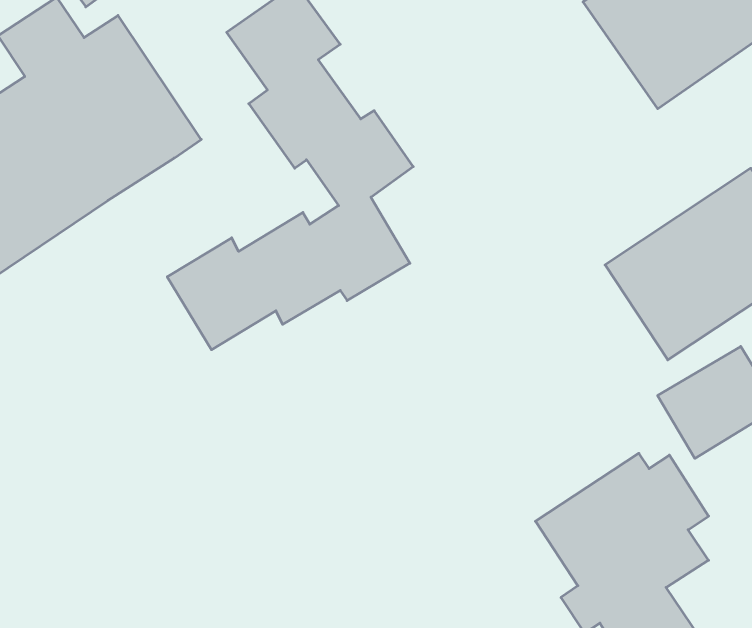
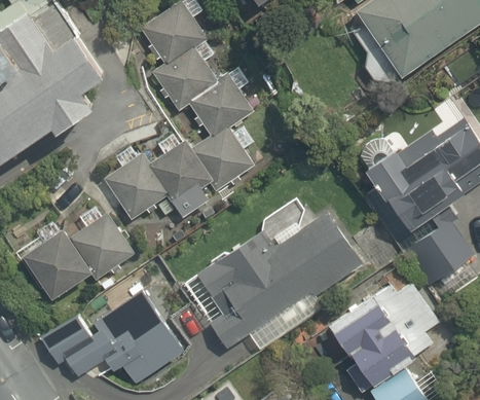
building: none -> [20,214,132,298]
building: none -> [197,214,361,350]
building: none -> [40,288,187,384]

